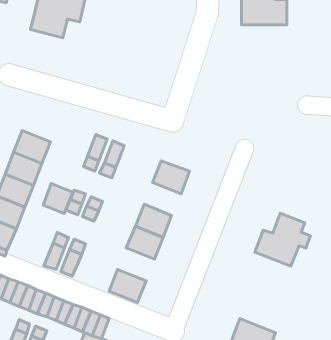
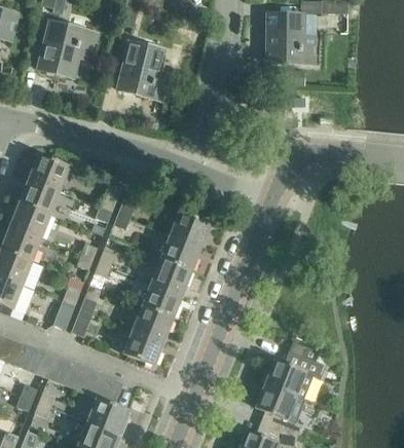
building: none -> [117,42,172,102]
building: none -> [29,155,69,191]
building: none -> [161,235,201,271]
building: [43,184,73,213] -> none
building: [255,213,311,266] -> [265,341,326,399]
building: none -> [133,306,173,342]

